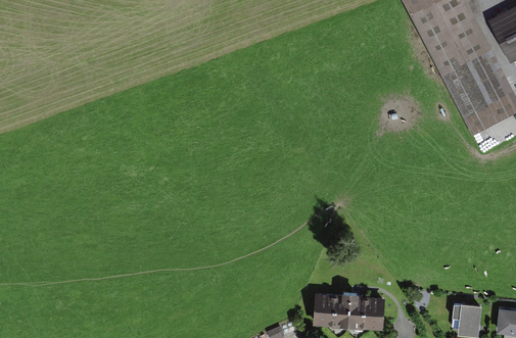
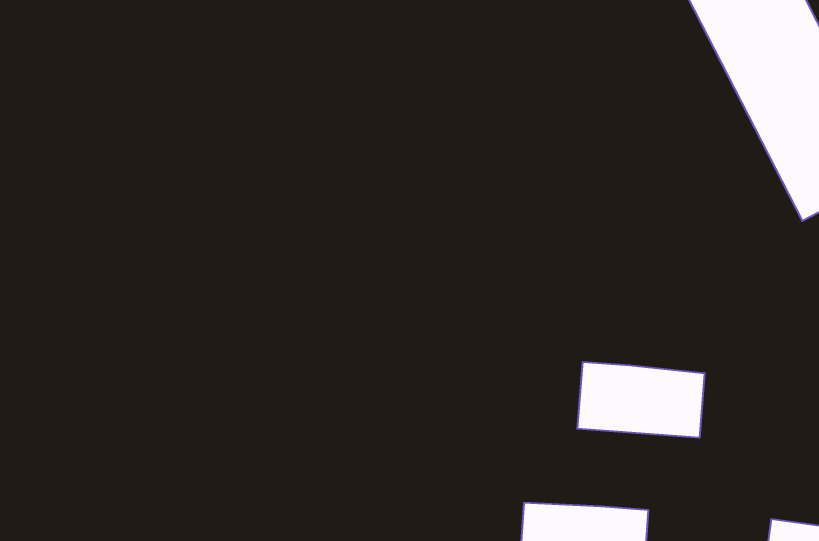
building: none -> [577,362,705,438]

